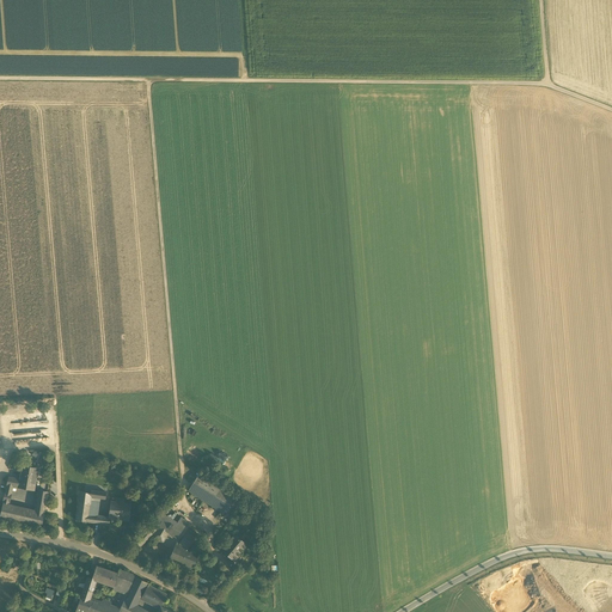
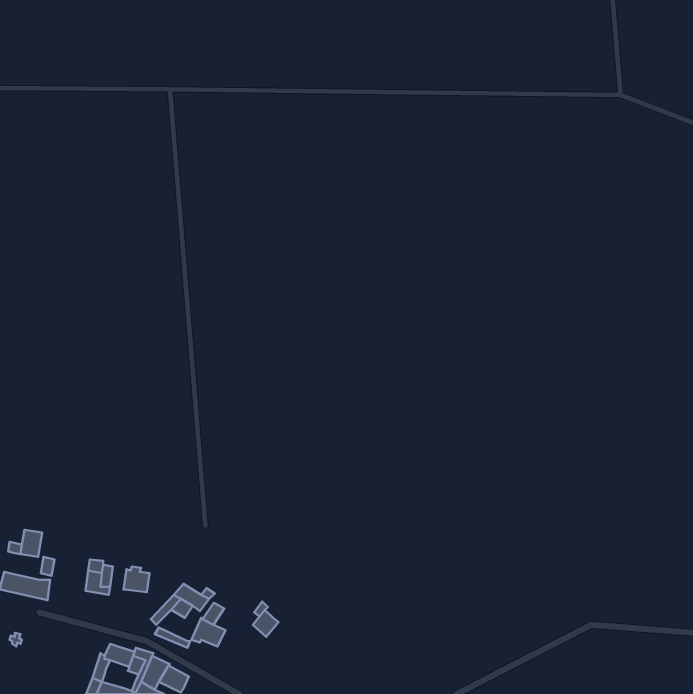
building: [189,475,237,514] -> none

